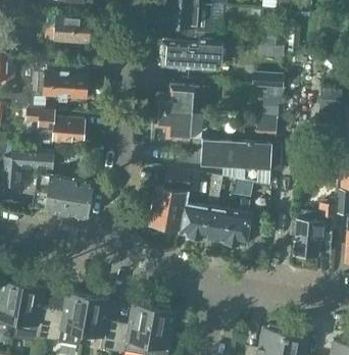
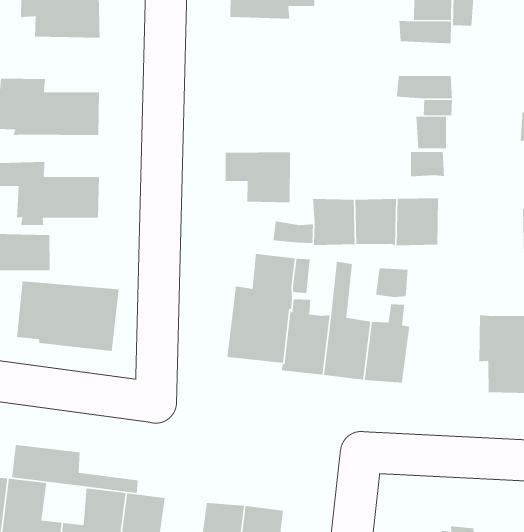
building: [161,40,222,70] -> none
building: [155,86,205,113] -> none
building: none -> [11,444,138,494]

